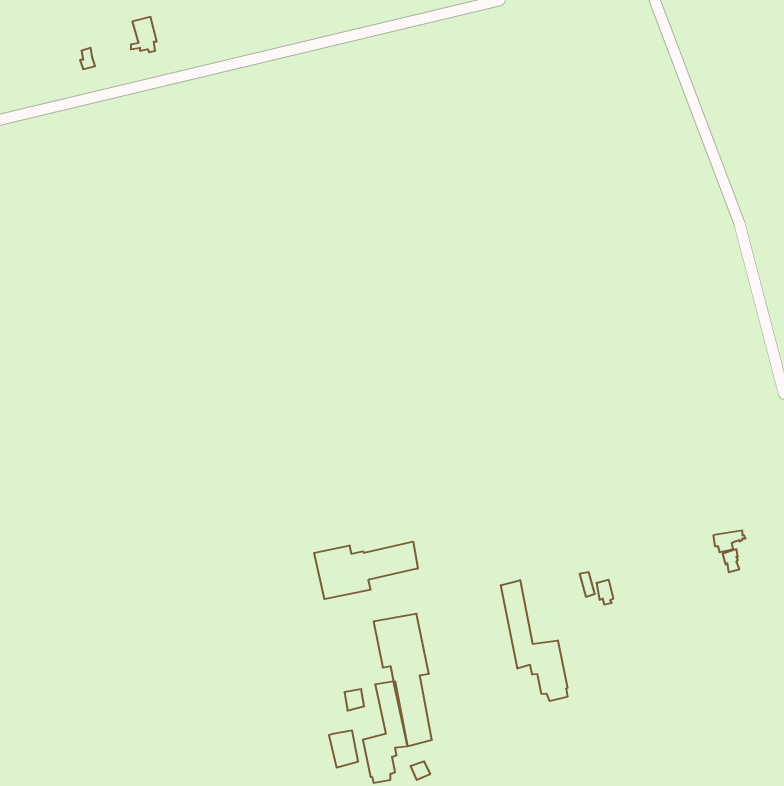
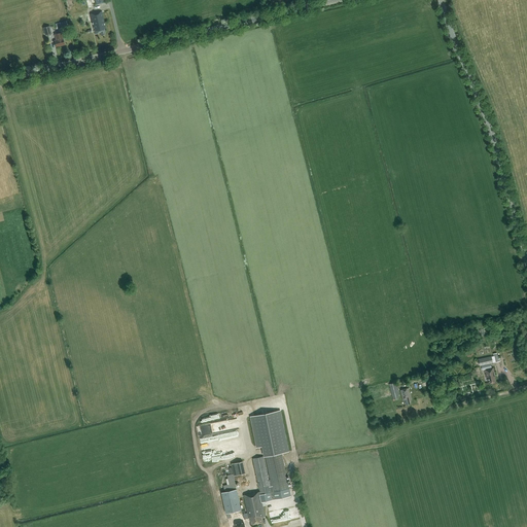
building: [314,542,418,599] -> none
building: [501,580,568,701] -> none

